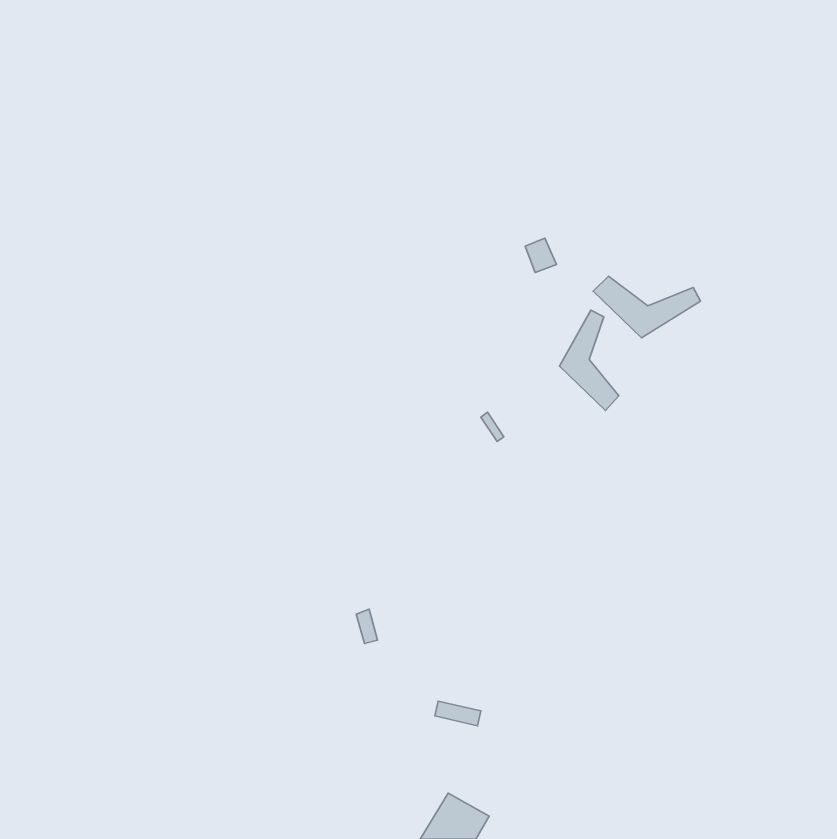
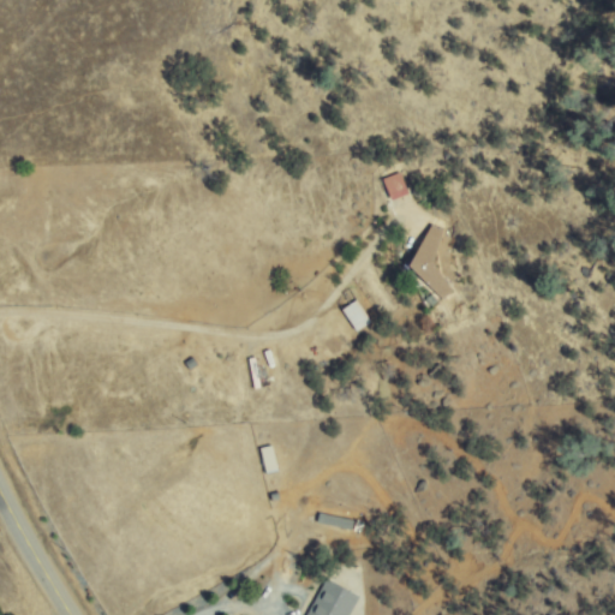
building: [593,276,701,338] -> none

